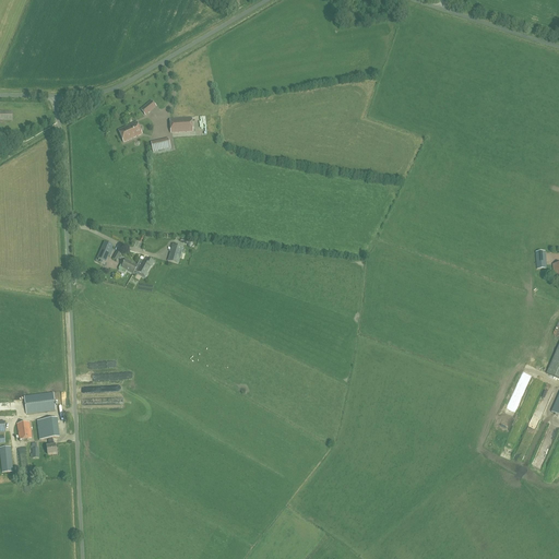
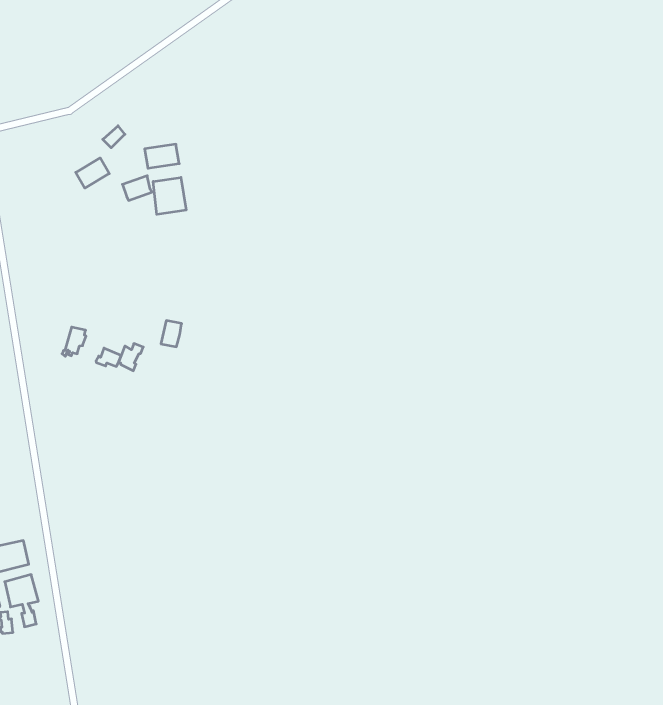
building: none -> [153,177,186,214]

